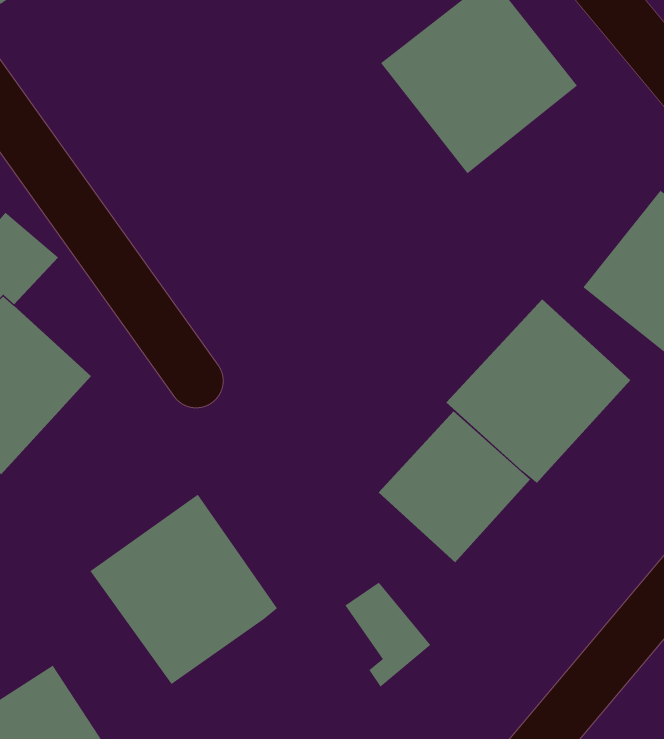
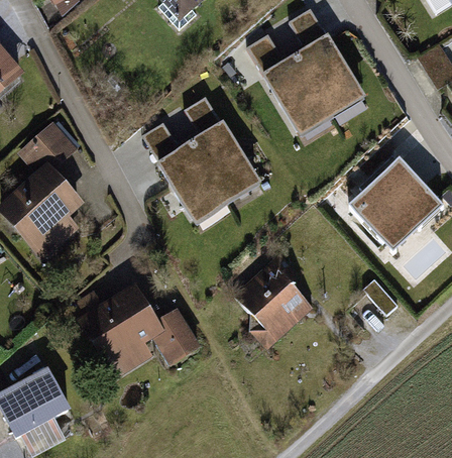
building: none -> [158,116,259,216]
building: [446,299,631,484] -> none
building: [345,582,431,688] -> [153,312,197,368]

